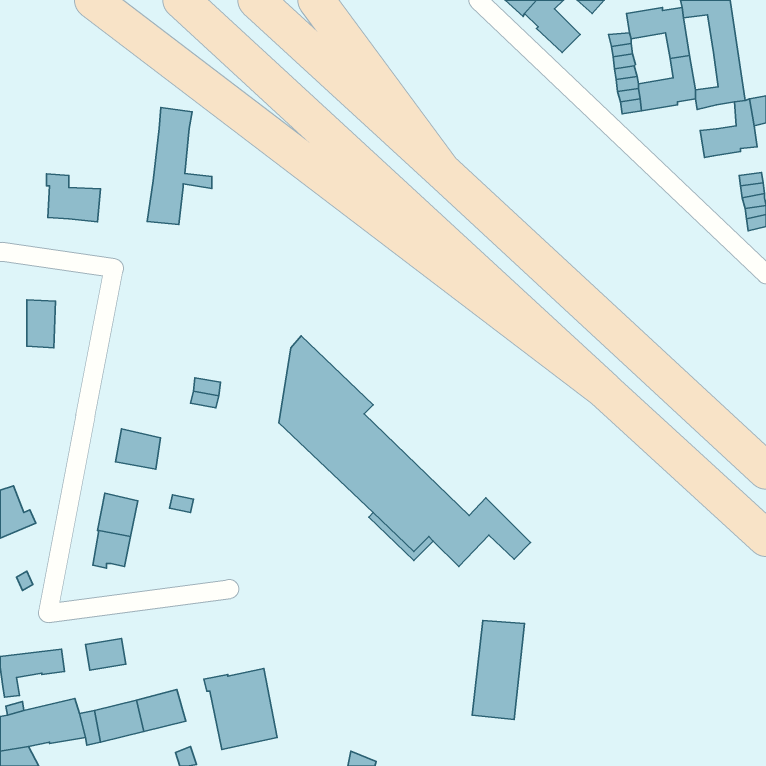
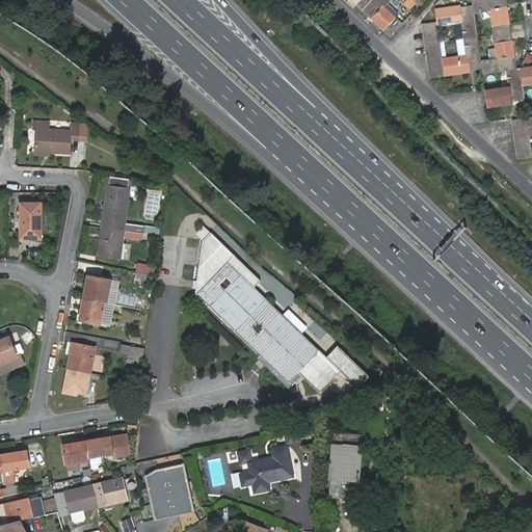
building: [147,107,212,224] -> [97,178,141,259]
building: none -> [84,275,115,303]
building: none -> [235,427,300,490]
building: none -> [84,436,128,460]

